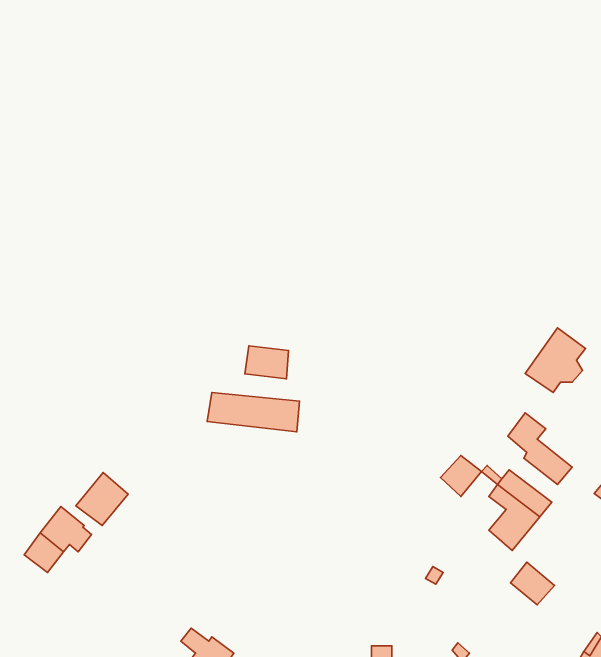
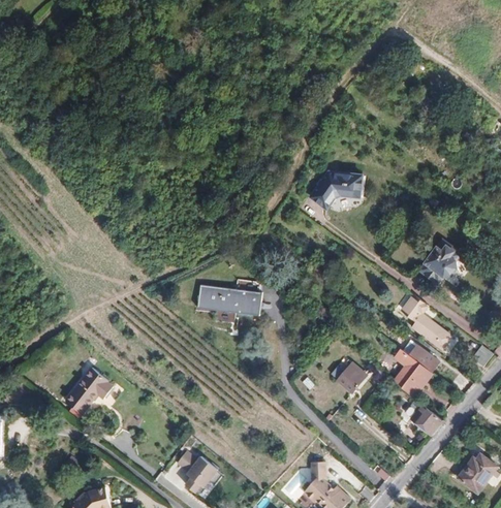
building: none -> [311,172,363,210]
building: [245,346,288,379] -> none
building: [440,455,481,496] -> [336,362,365,391]
building: [76,472,128,526] -> none

